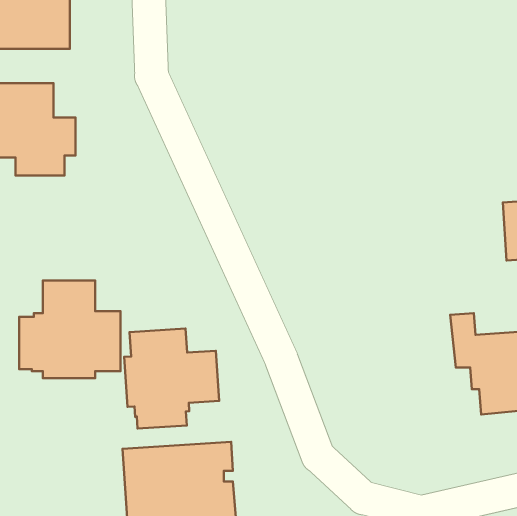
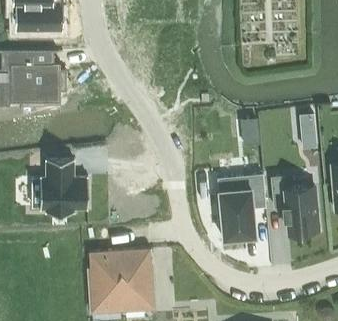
building: none -> [218,175,266,239]
building: [124,329,219,429] -> none

